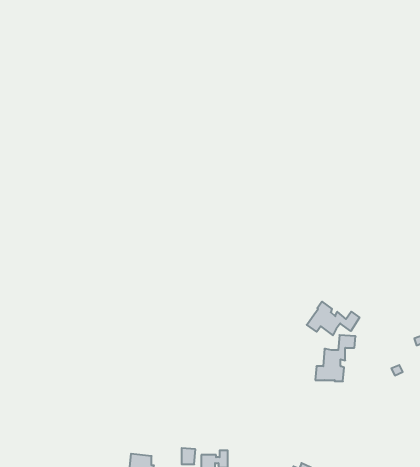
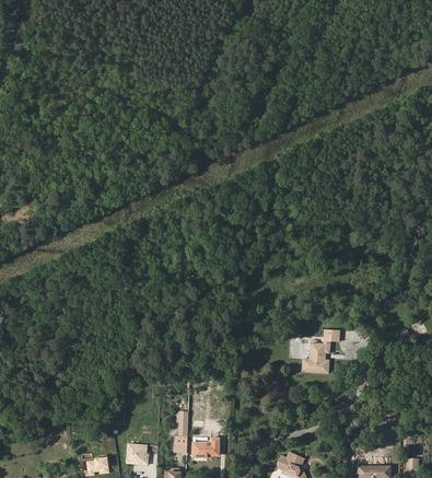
building: [307,302,359,335] -> none

